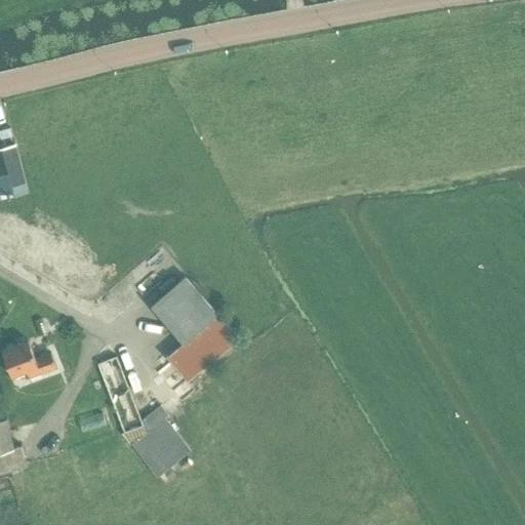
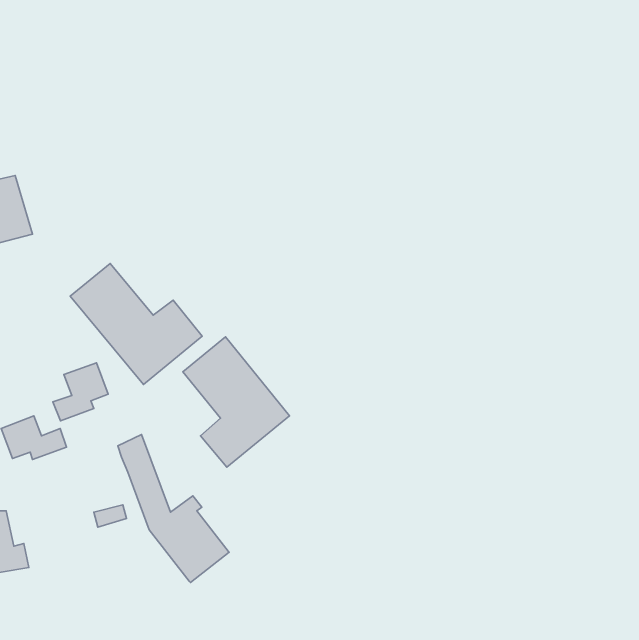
building: none -> [70,263,202,384]
building: none -> [53,363,108,421]

